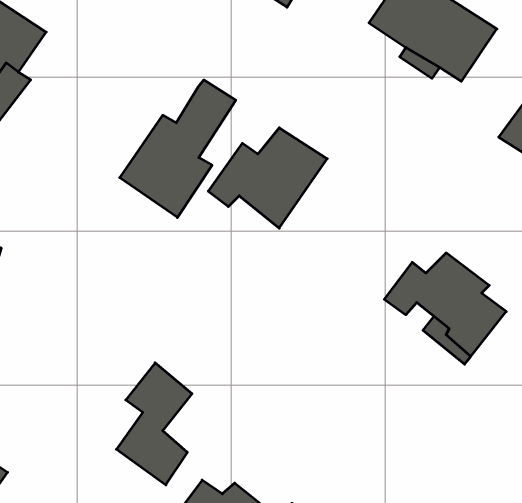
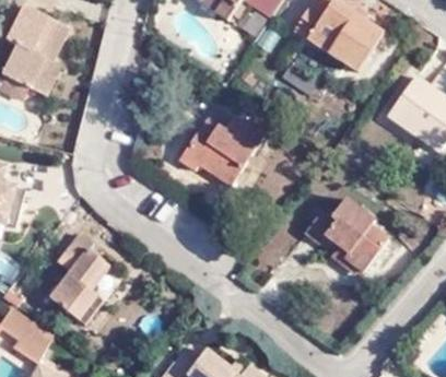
building: [120,80,236,218] -> none
building: [116,363,192,485] -> [52,239,106,326]

